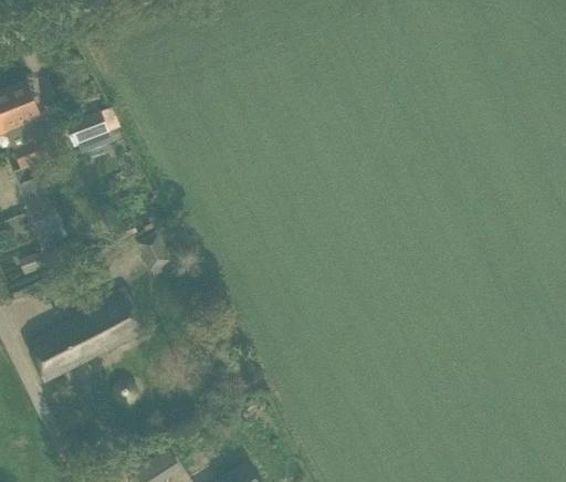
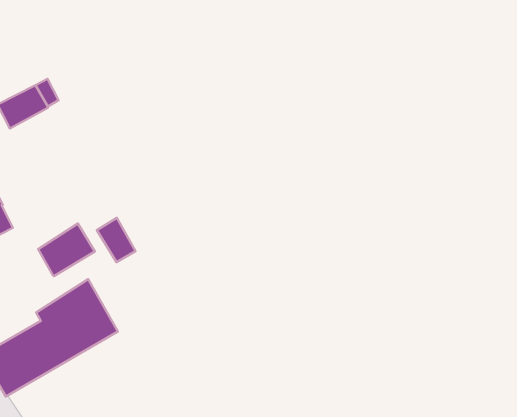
building: none -> [38,224,95,276]

